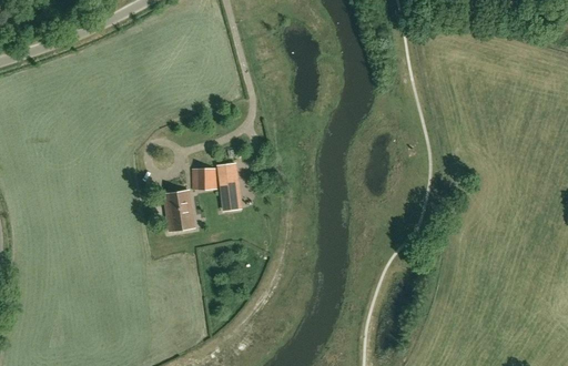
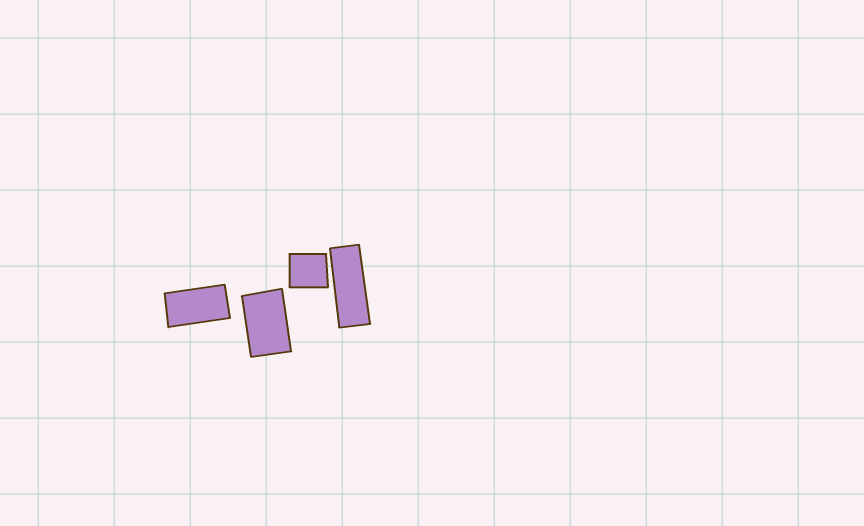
building: none -> [165,285,230,327]

